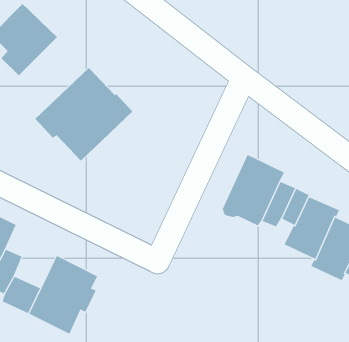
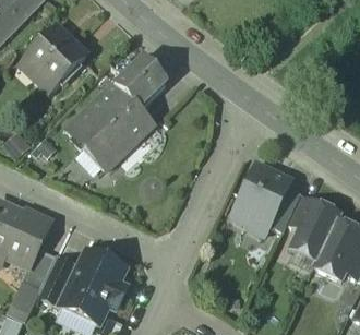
building: none -> [115,59,166,109]

